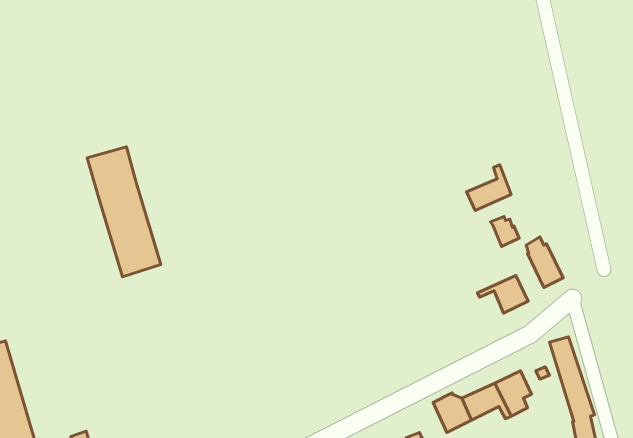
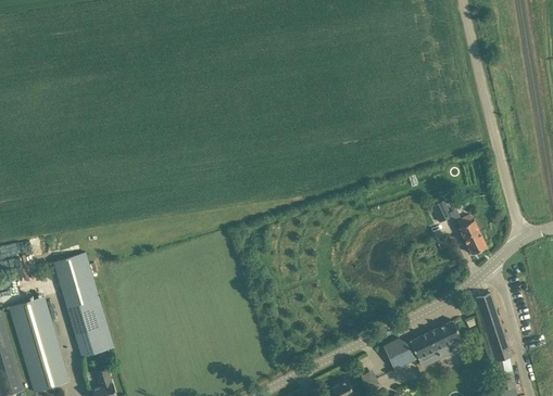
building: [87,147,161,277] -> [54,254,113,357]
building: [466,165,511,210] -> none
building: [477,275,528,313] -> none

